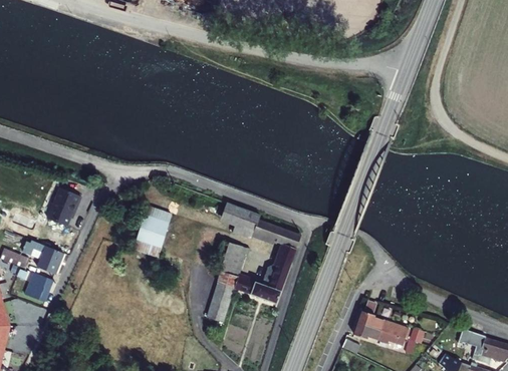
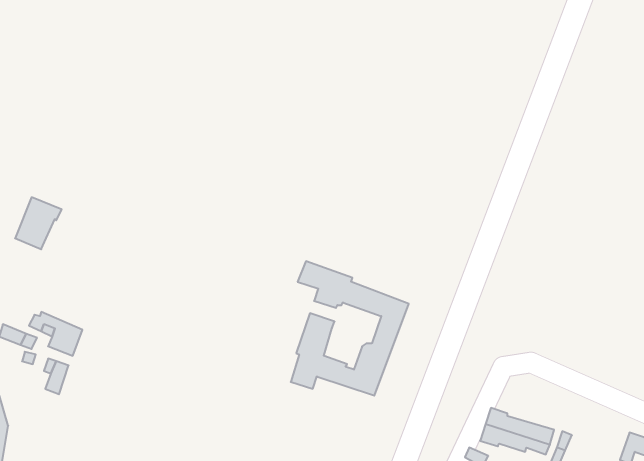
building: [48,189,82,227] -> [15,197,62,249]
building: [132,205,171,258] -> none
building: [207,292,231,322] -> none

